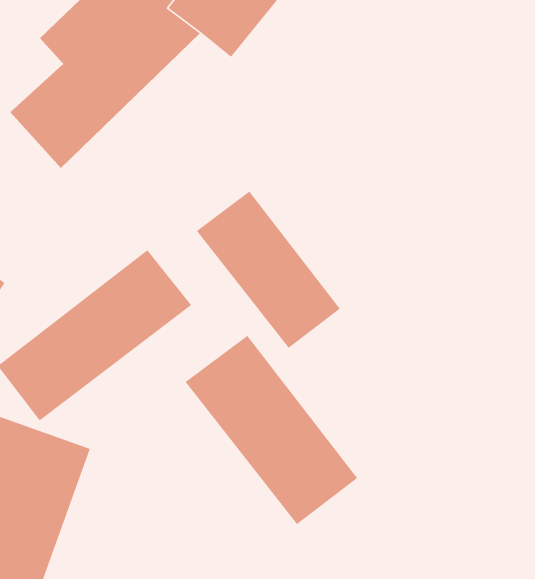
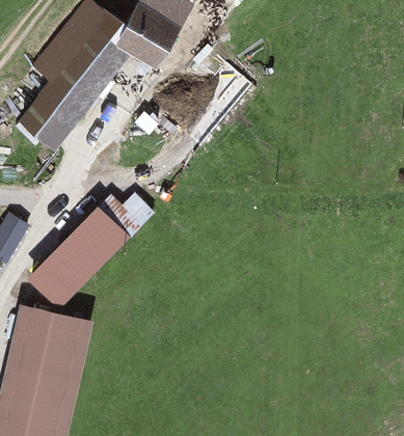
building: [196,191,341,349] -> none
building: [184,335,358,525] -> none

